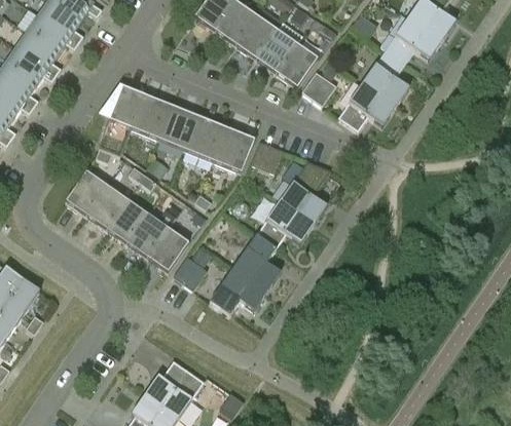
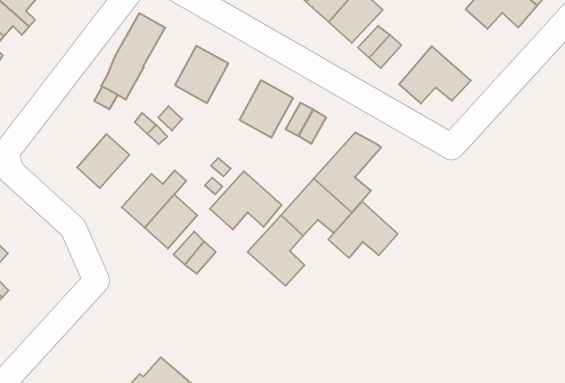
building: [361,50,408,107] -> none
building: [130,94,171,140] -> none
building: [185,117,226,161] -> none
building: [65,171,107,216] -> none
building: [107,200,147,243] -> none
building: none -> [328,202,398,258]
building: [209,267,266,315] -> [210,171,282,230]

